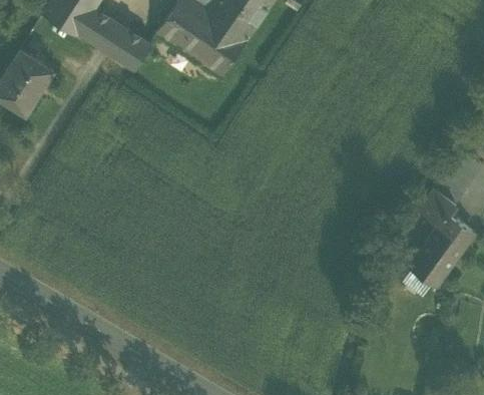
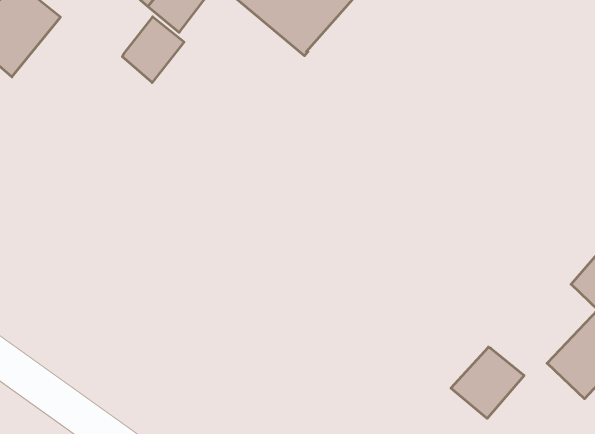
building: none -> [122,17,184,83]
building: none -> [451,347,524,418]

